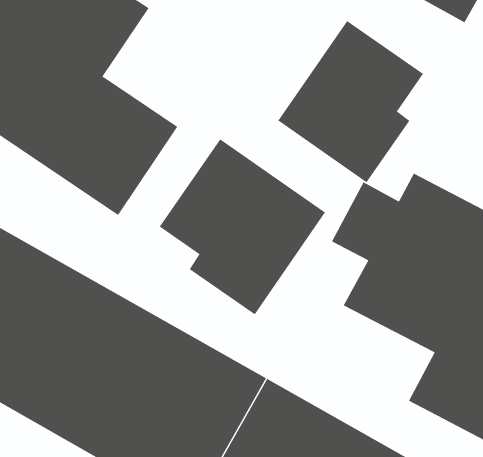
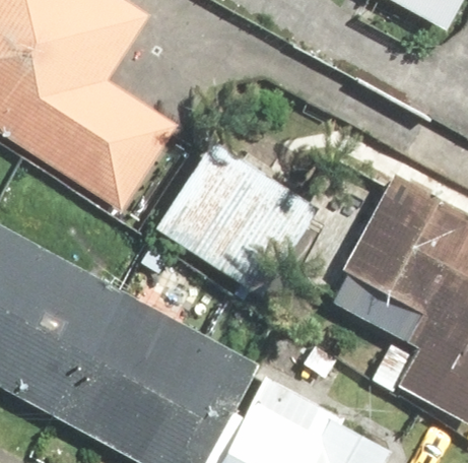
building: [278,20,424,183] -> none

